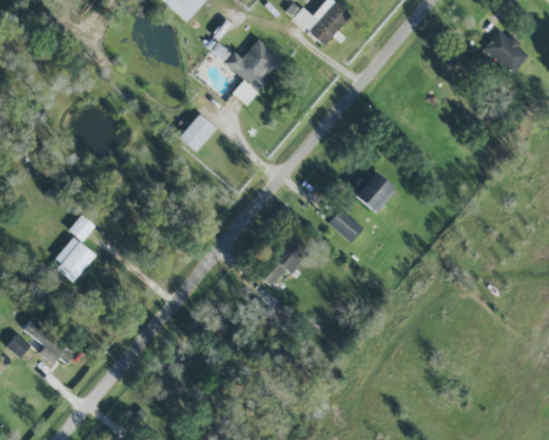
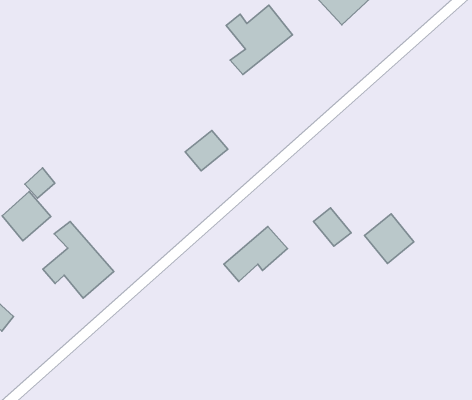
building: [177,115,215,152] -> [185,130,228,171]
building: [350,170,394,215] -> [365,214,414,264]
building: none -> [43,221,114,298]

